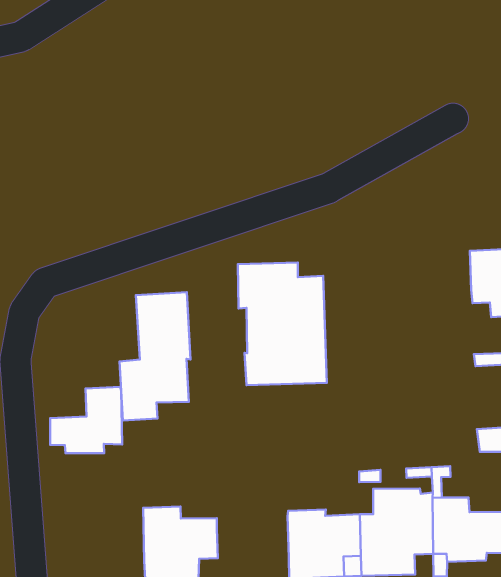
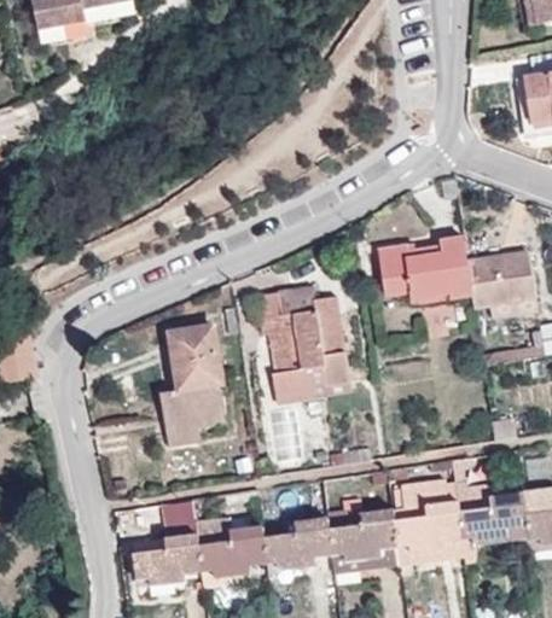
building: none -> [378,237,471,305]
building: [50,387,122,453] -> [133,520,201,585]
building: none -> [263,518,331,570]

